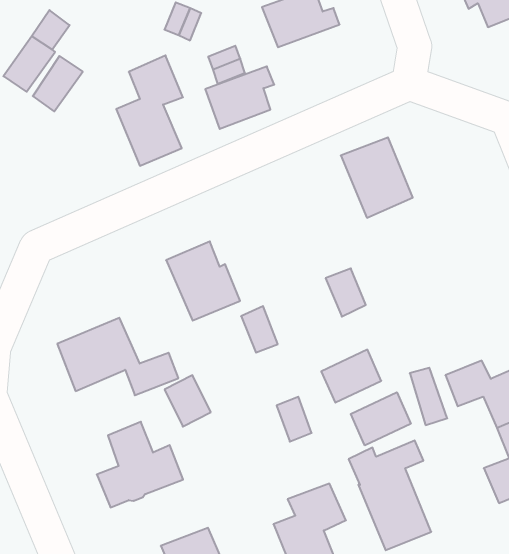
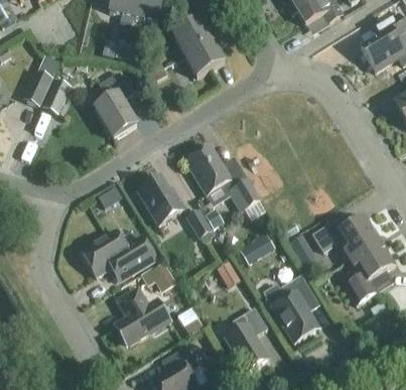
building: [205,66,274,129] -> [184,36,225,78]
building: [341,137,413,218] -> [185,146,232,196]
building: [351,392,411,445] -> none

